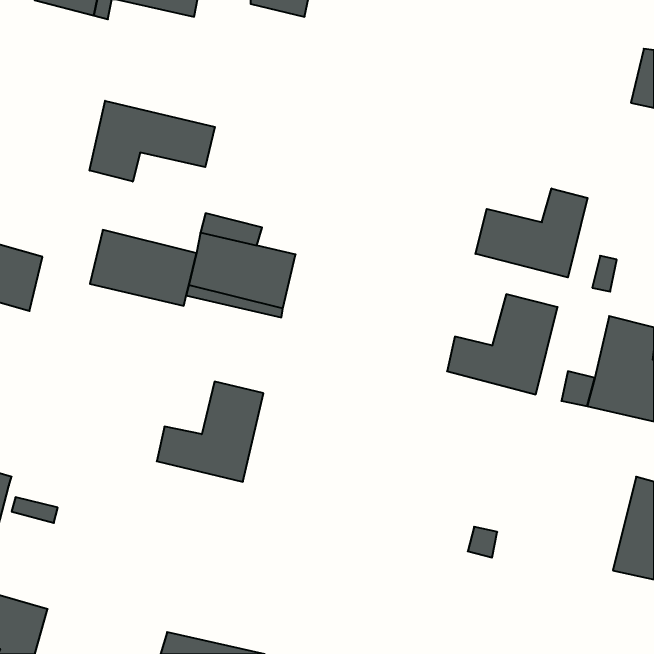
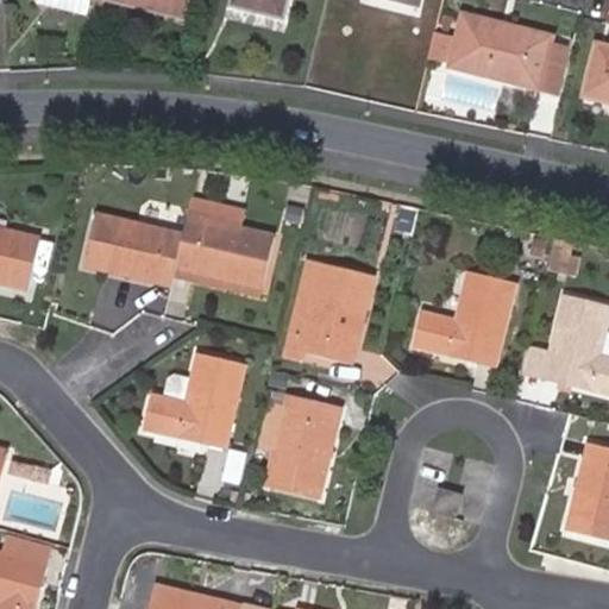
building: none -> [427,14,567,92]
building: [90,101,215,182] -> none
building: [475,188,588,277] -> none
building: none -> [282,258,375,364]
building: none -> [262,396,339,491]

